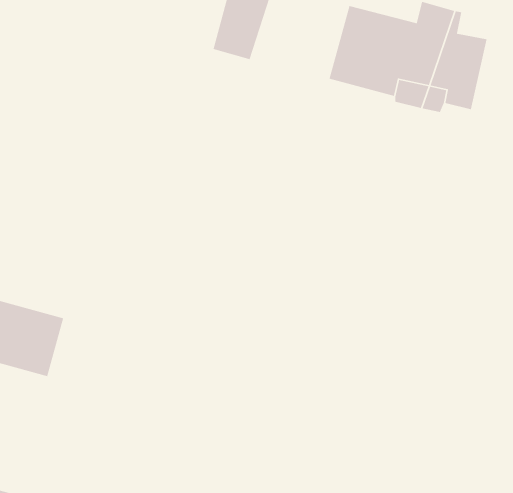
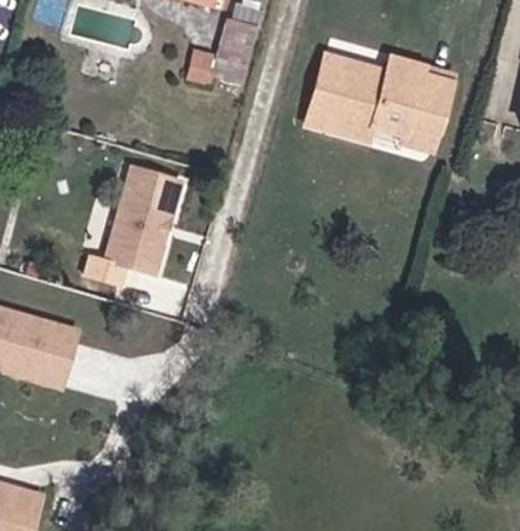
building: none -> [103,169,181,276]

